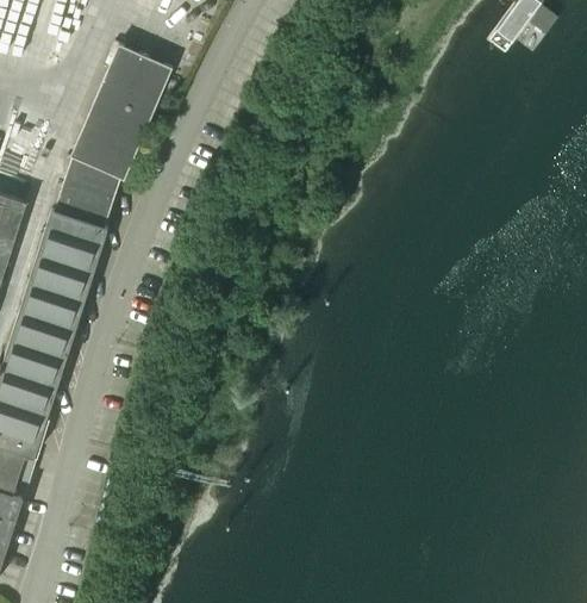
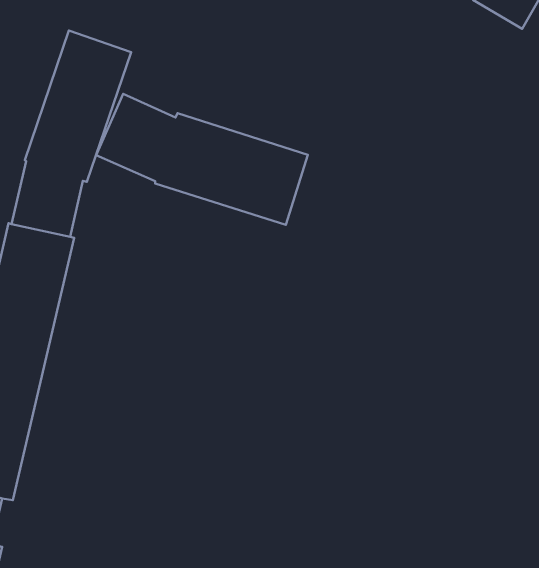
building: none -> [96,94,308,225]

